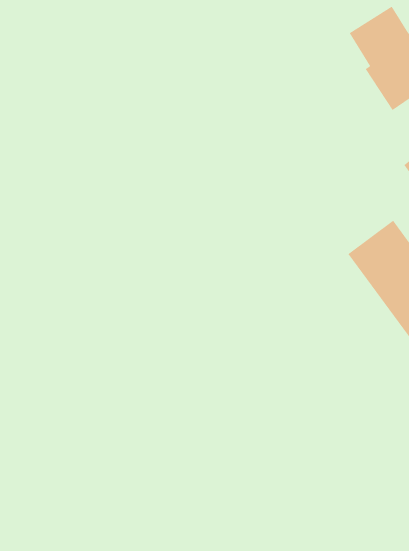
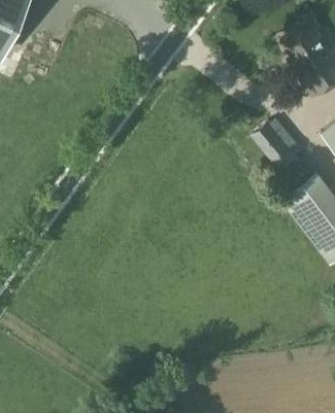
building: none -> [250,117,297,167]

